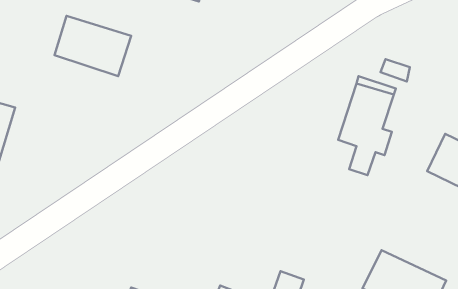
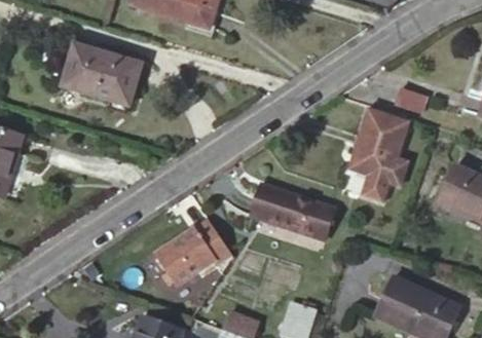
building: none -> [255,187,336,240]
building: none -> [159,232,217,285]

